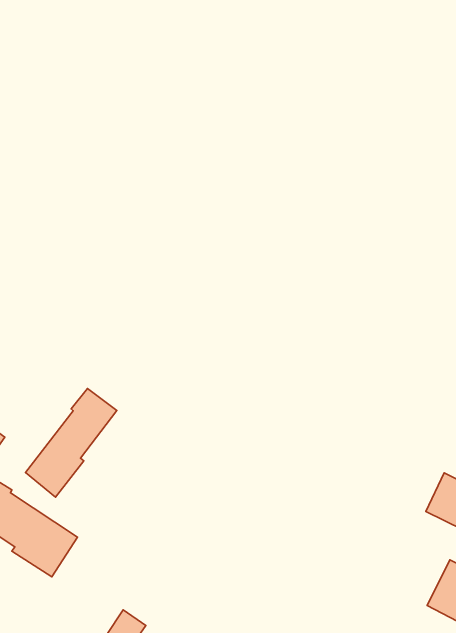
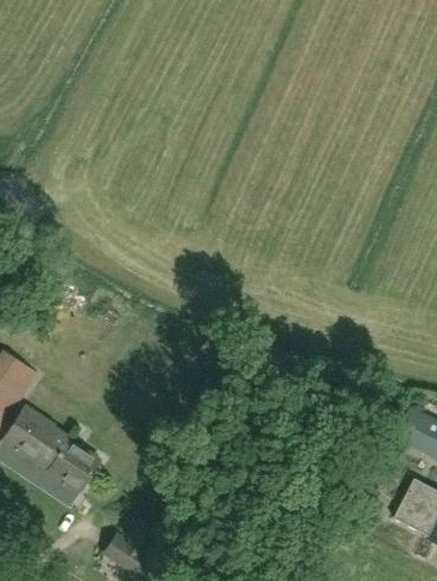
building: [25,389,117,497] -> none

